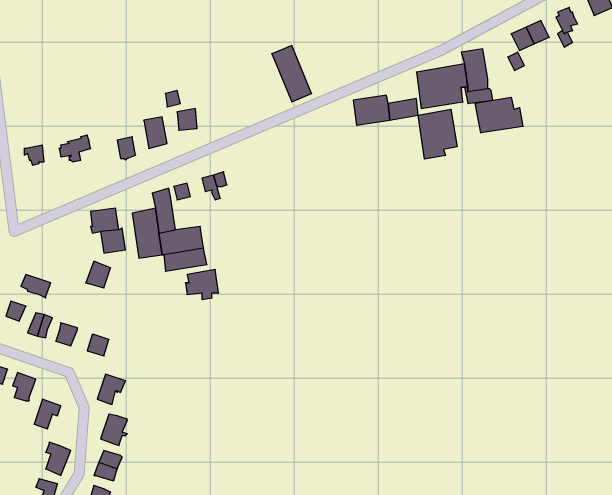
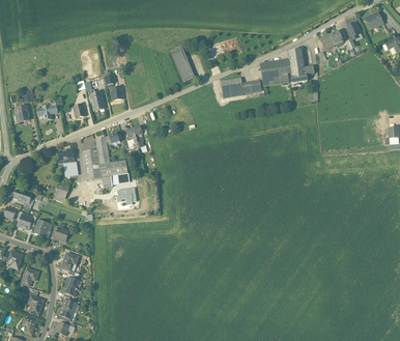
building: [475,97,523,133] -> none
building: [418,109,457,159] -> none

